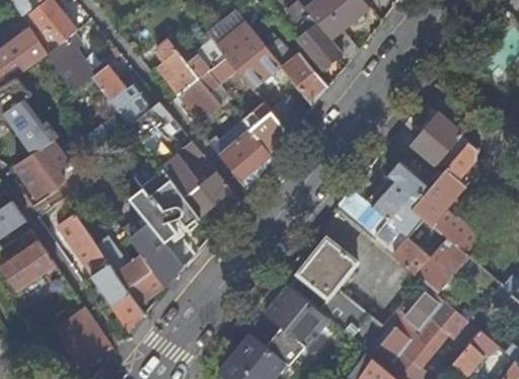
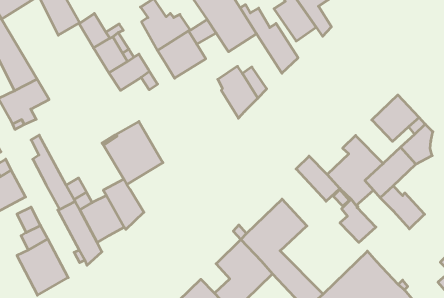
building: [208,118,272,188] -> none
building: [161,141,232,215] -> none
building: [414,236,467,292] -> none

